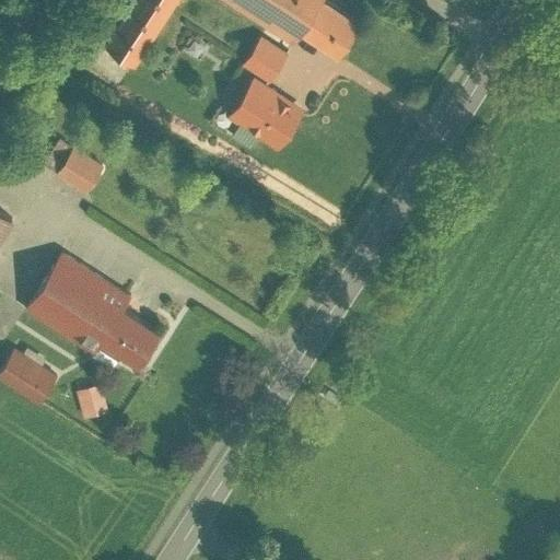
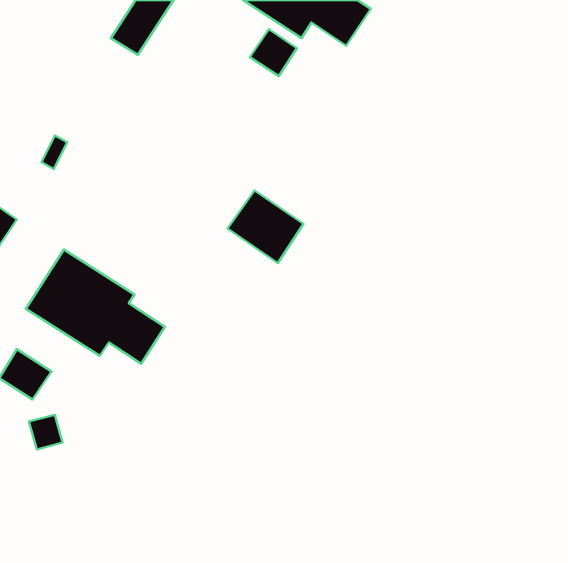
building: [229,79,303,150] -> [227,190,304,263]
building: [58,148,105,195] -> none
building: [71,387,104,421] -> [29,415,63,449]

